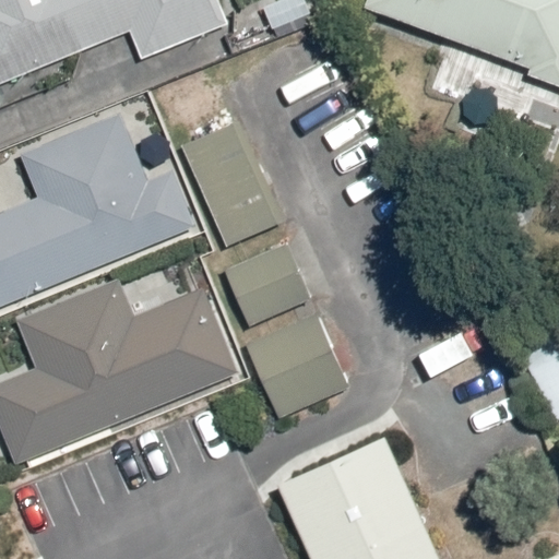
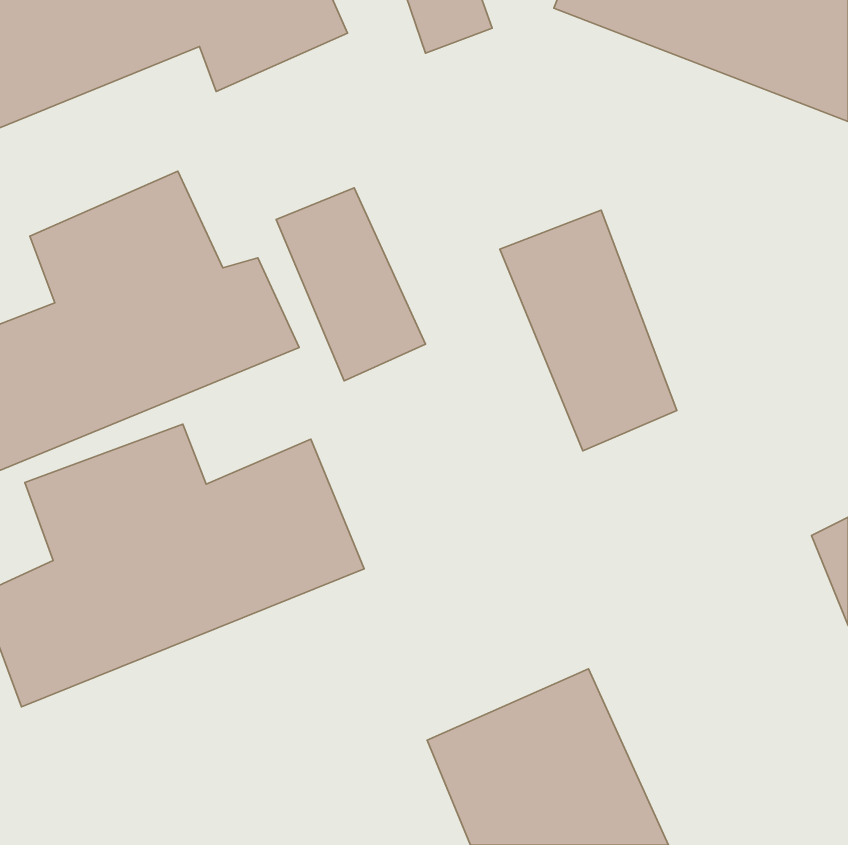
building: none -> [500,210,677,451]
building: [224,242,311,328] -> none
building: [246,313,348,417] -> none

